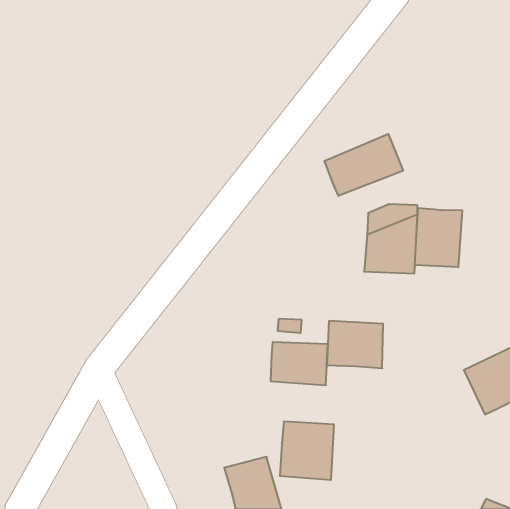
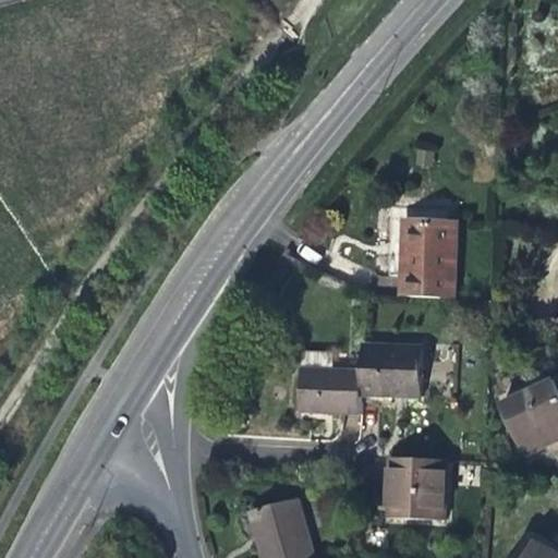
building: [324,134,403,196] -> none
building: [415,208,462,267] -> none
building: [280,422,334,480] -> [386,453,445,517]

